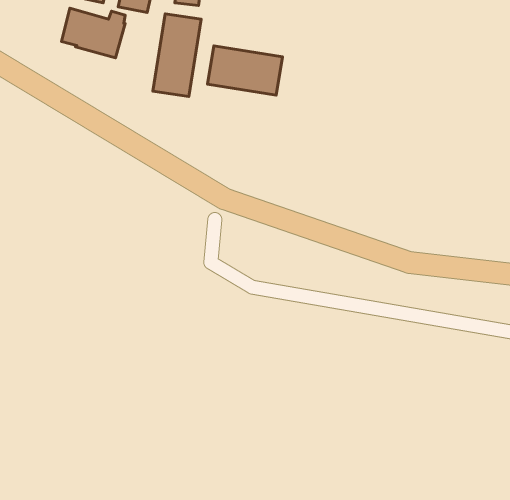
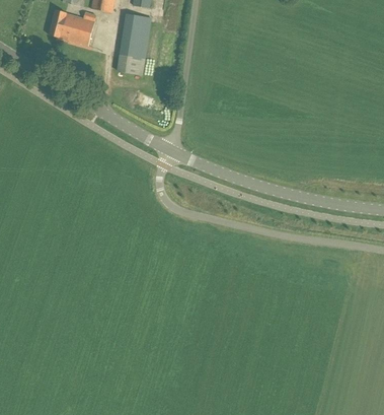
building: [208,46,282,95] -> none

